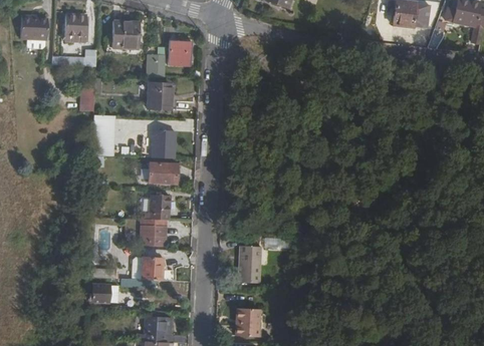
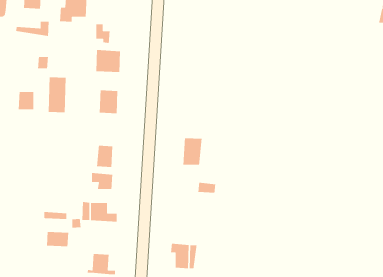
building: [167,39,191,62] -> none
building: none -> [18,91,34,110]
building: [148,162,176,183] -> none
building: [237,244,260,276] -> [182,137,203,166]

